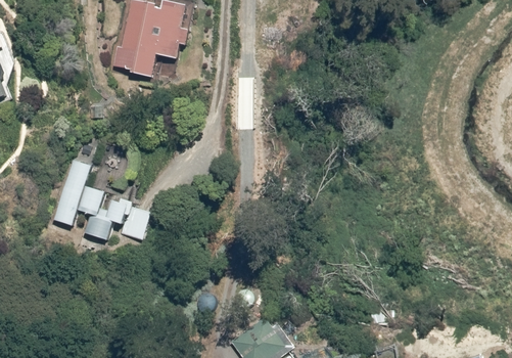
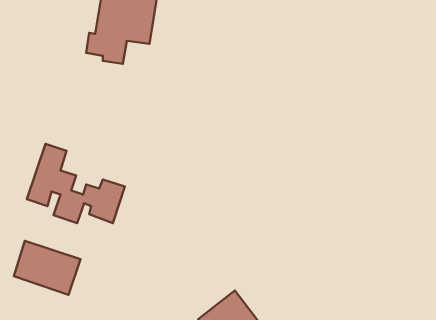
building: none -> [14,241,80,295]

